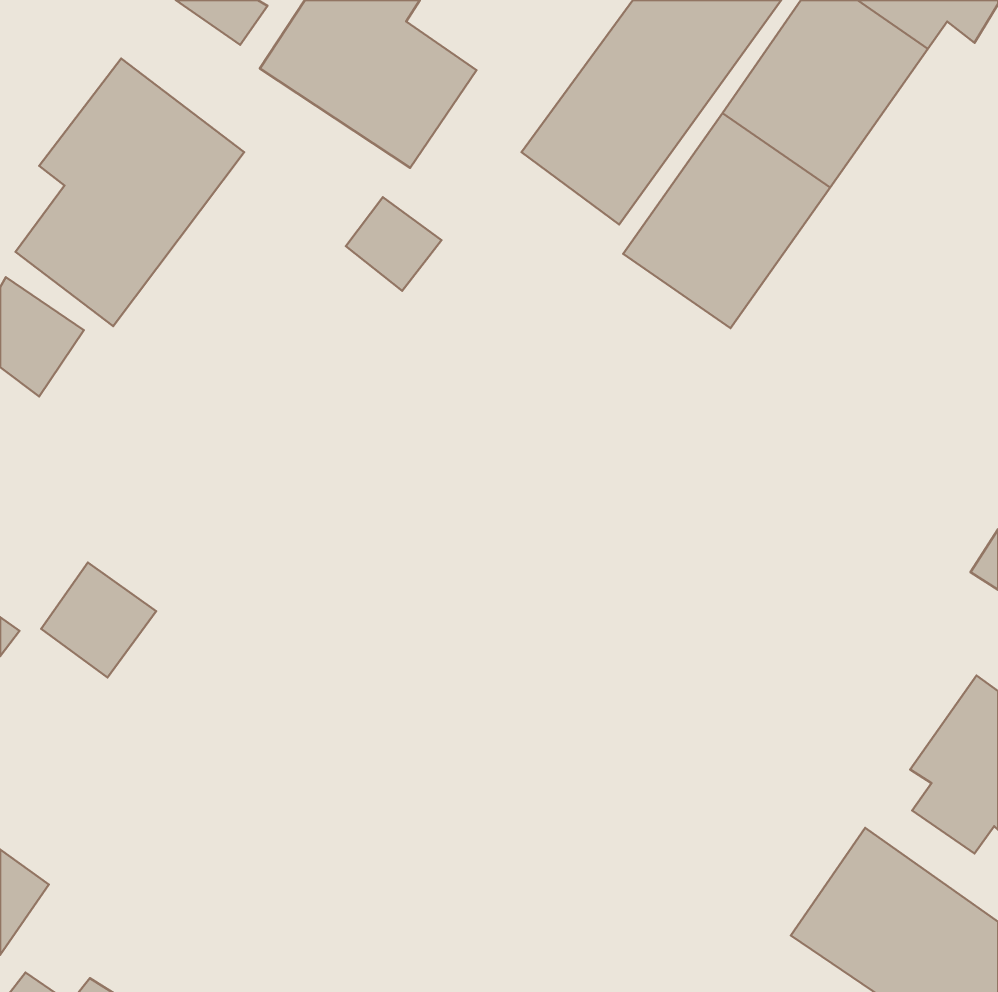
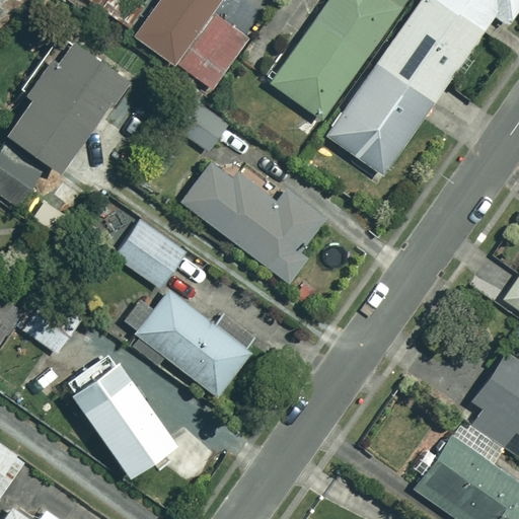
building: none -> [181,158,326,285]
building: none -> [116,223,184,288]
building: none -> [123,292,251,397]
building: none -> [66,352,216,489]

